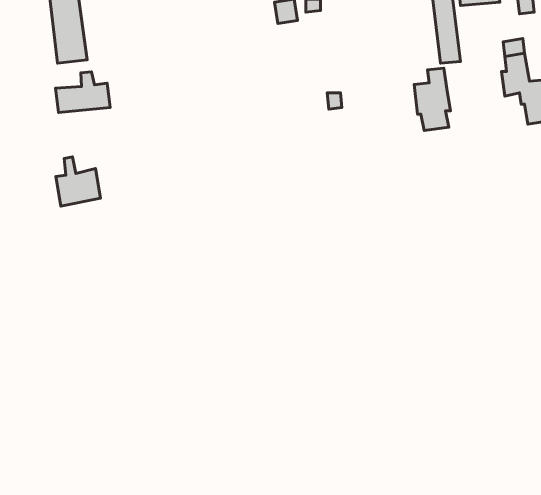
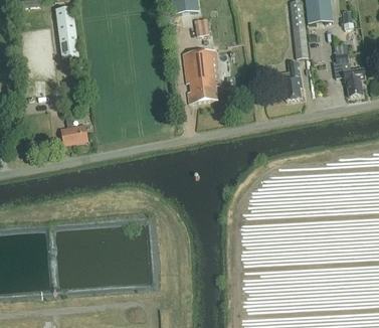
building: none -> [182,48,218,103]
building: [55,72,110,112] -> none

